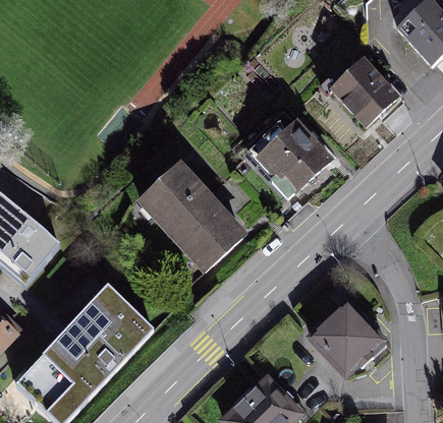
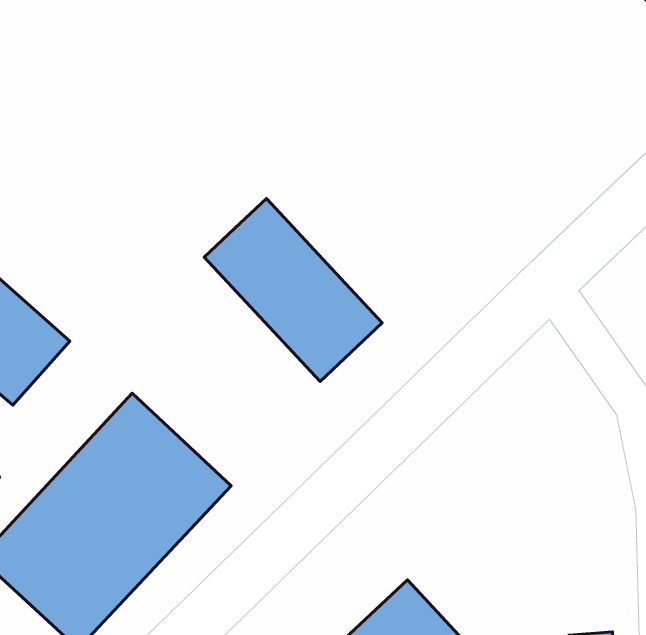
building: [321,62,381,122] -> none
building: [258,124,322,188] -> none
building: [308,311,391,395] -> none

